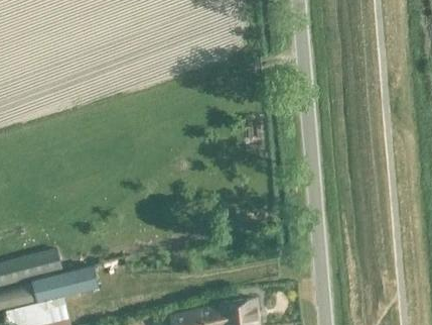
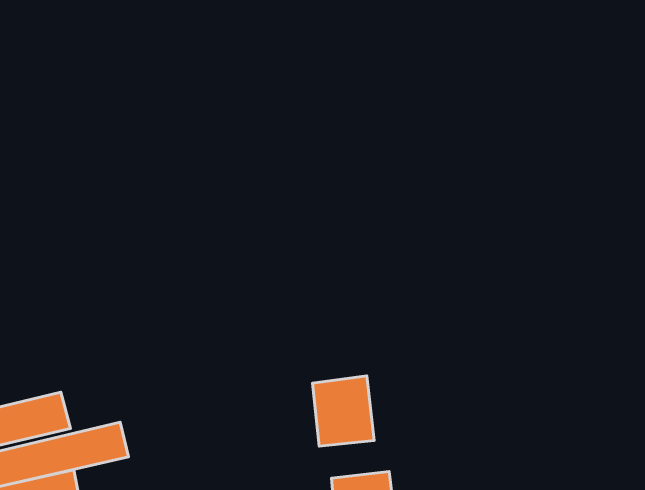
building: none -> [312,376,374,446]

